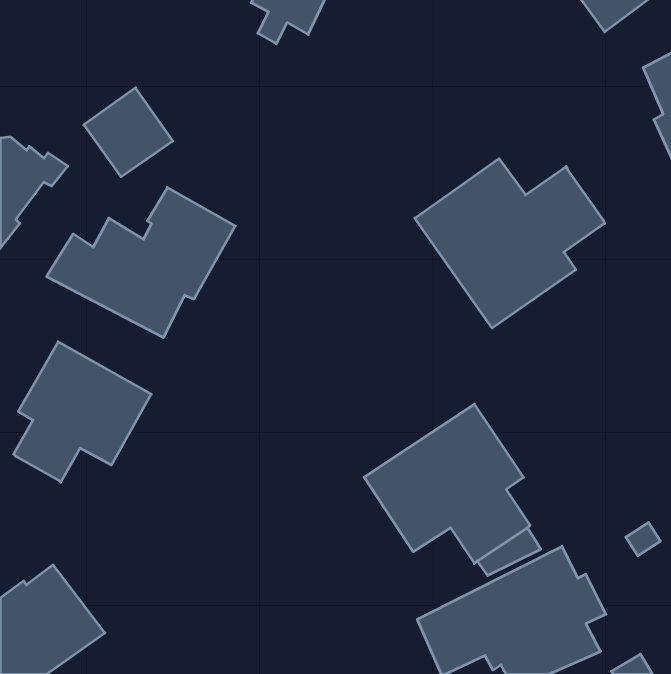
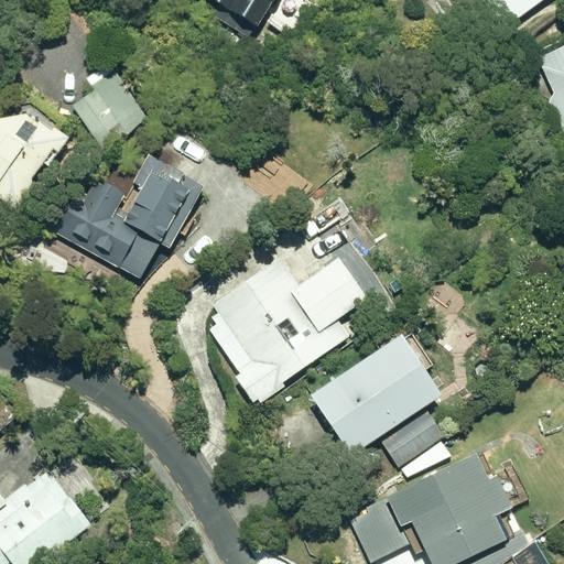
building: [415,159,605,328] -> none
building: none -> [212,257,366,403]
building: [14,342,151,482] -> none

